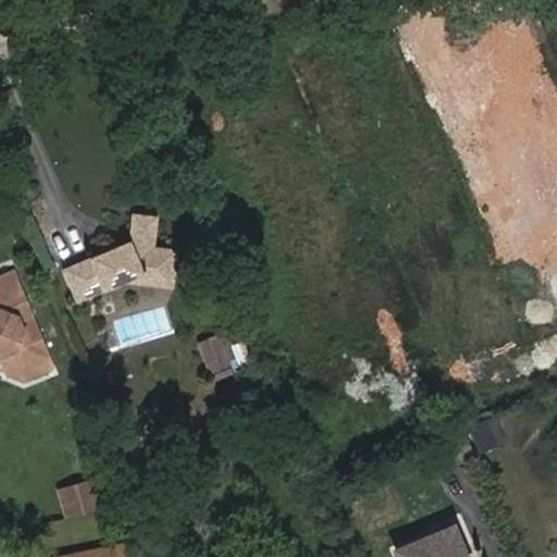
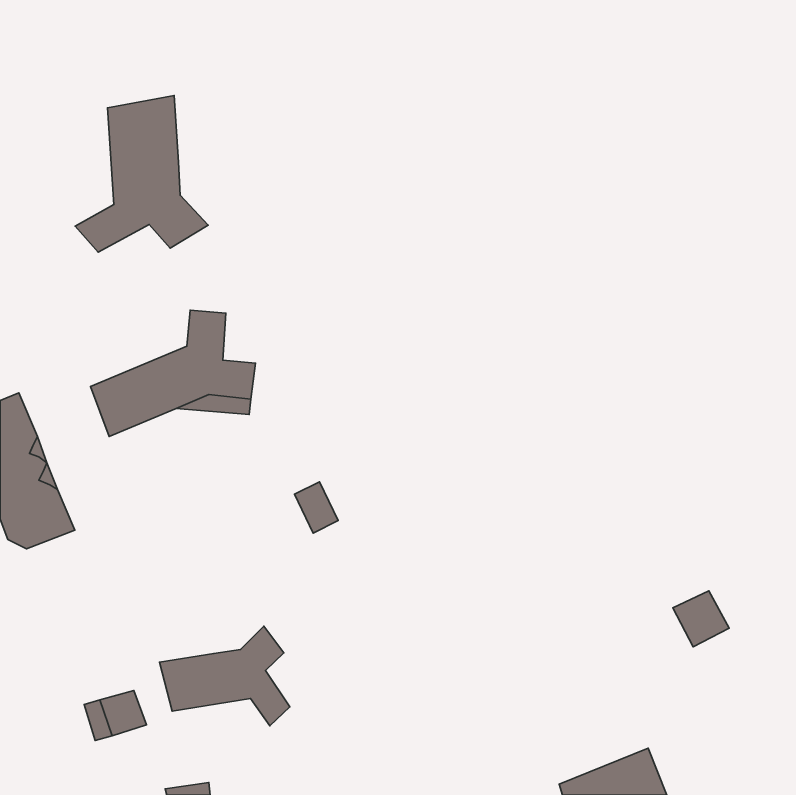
building: none -> [75,96,208,252]
building: none -> [160,626,290,726]

